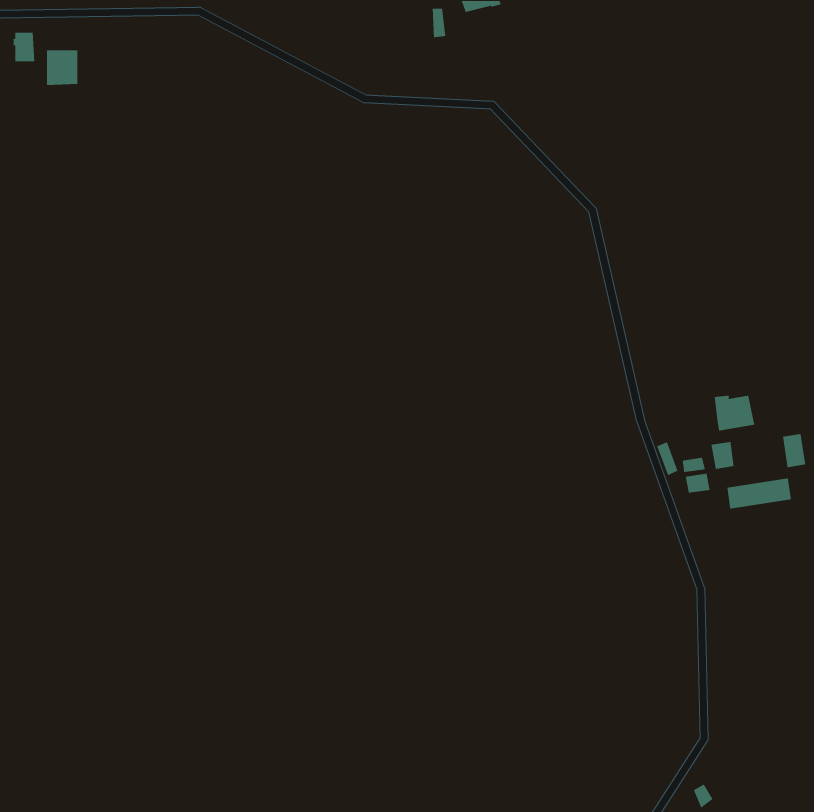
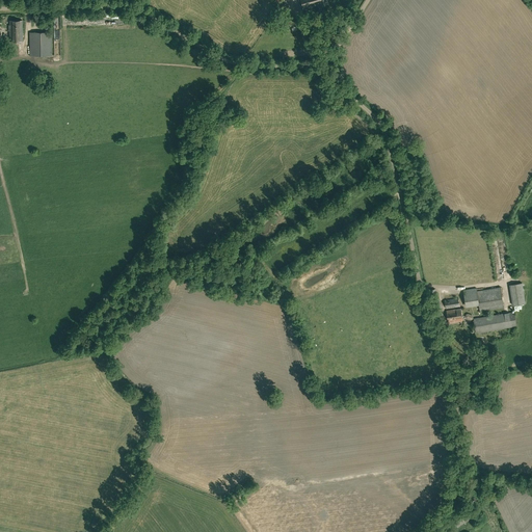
building: [714,395,755,431] -> [477,288,504,312]

